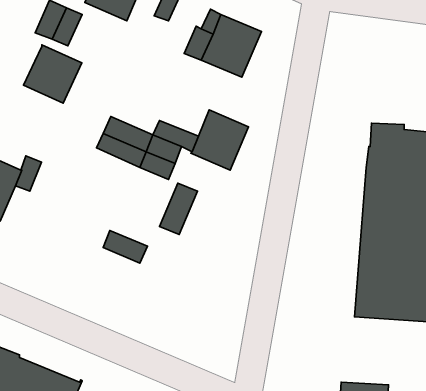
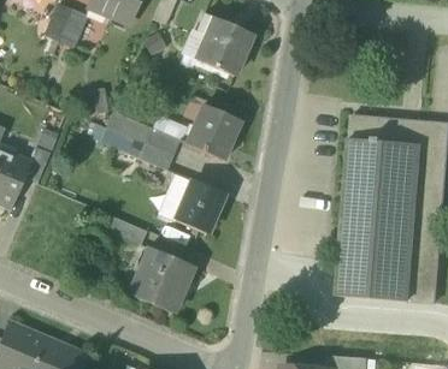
building: [23,45,82,103] -> none
building: none -> [176,180,223,233]
building: none -> [131,248,191,314]

